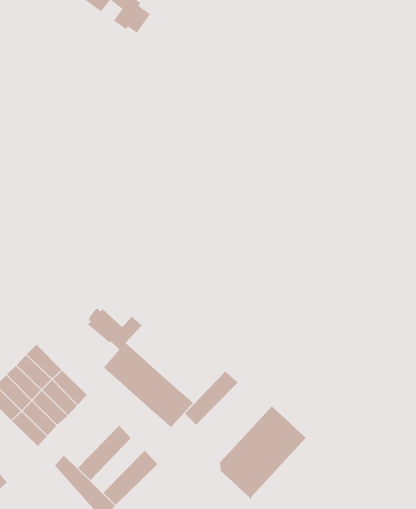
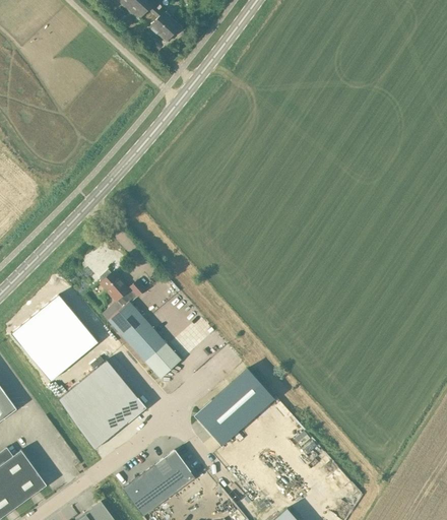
building: [184,371,238,425] -> [88,384,137,428]
building: none -> [68,360,118,404]

